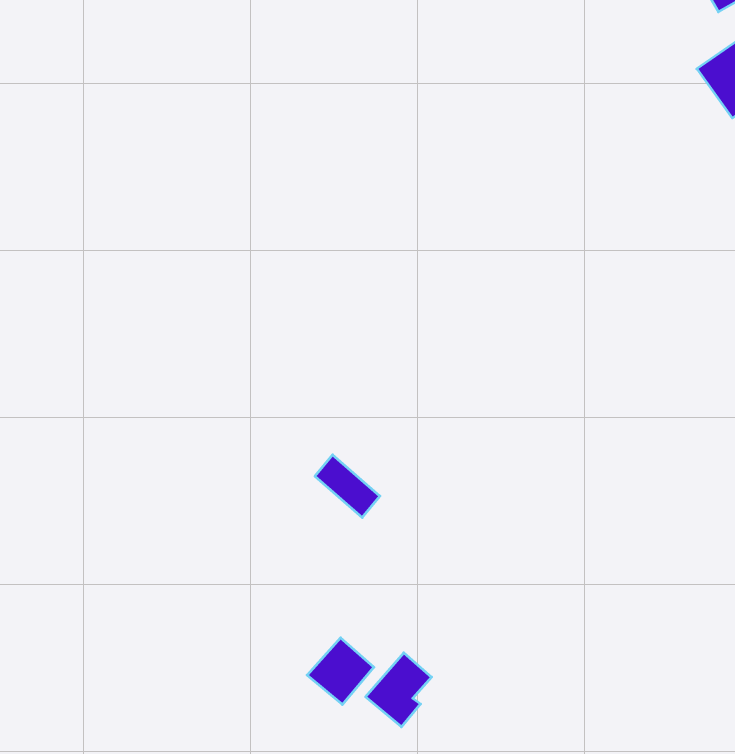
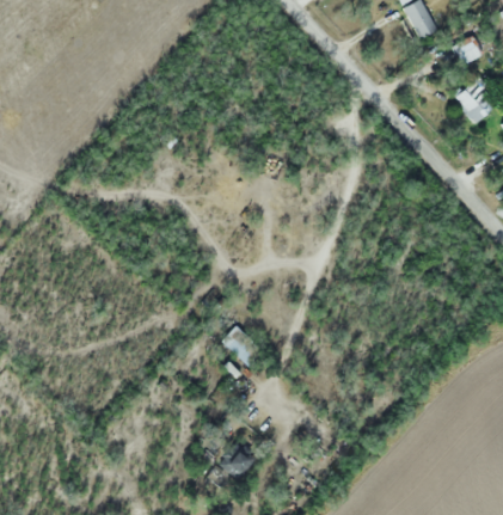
building: [366,653,432,727] -> none

